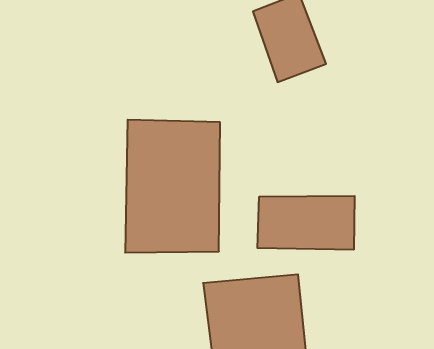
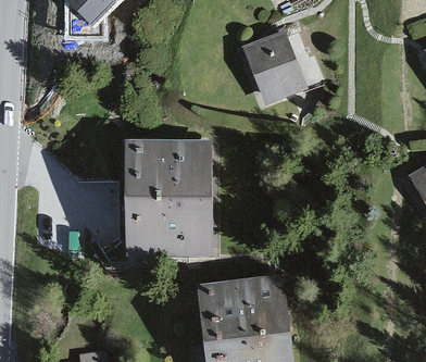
building: [257,196,355,250] -> none

